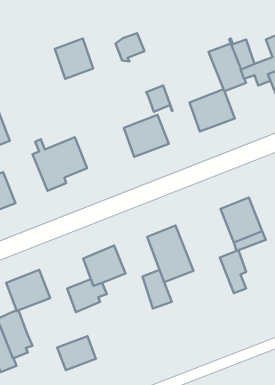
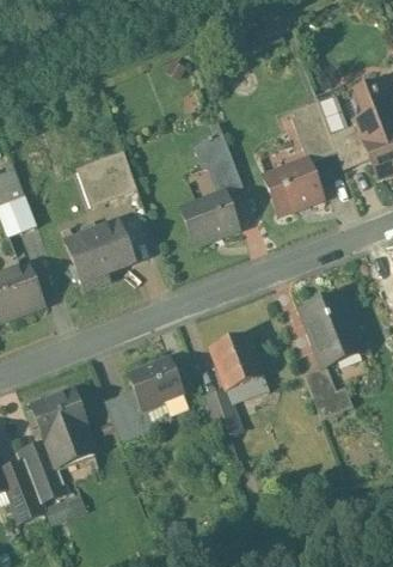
building: [115,33,145,62] -> [194,132,231,167]
building: [55,38,93,79] -> [80,152,129,203]
building: [57,336,96,370] -> [47,426,96,469]

